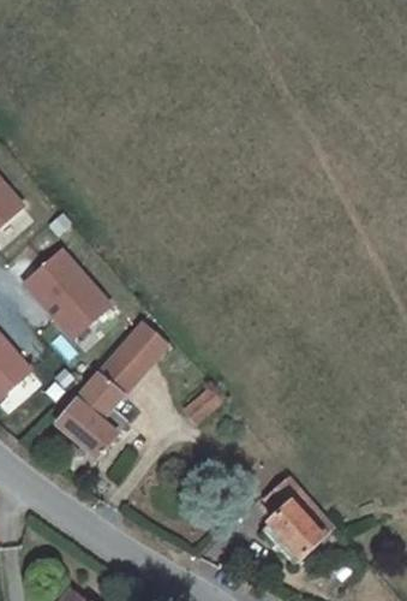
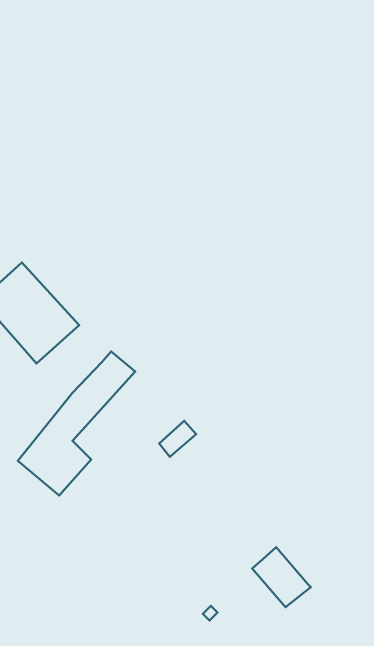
building: [265,478,333,537] -> none

